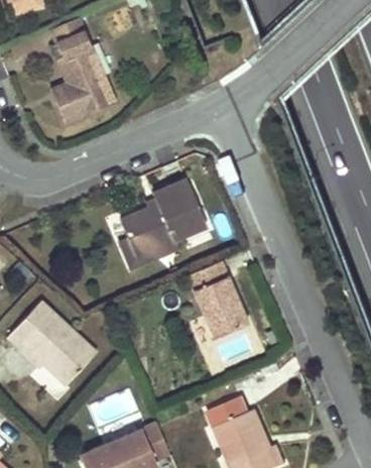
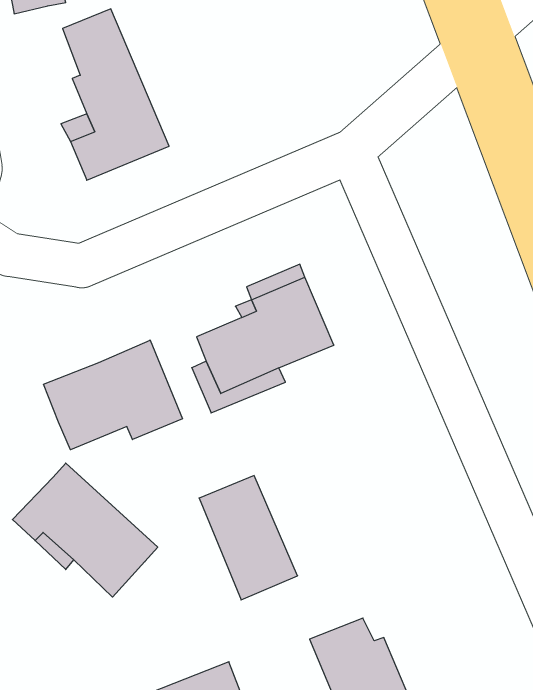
building: none -> [43,340,183,450]
building: [191,262,252,340] -> [199,476,298,600]

